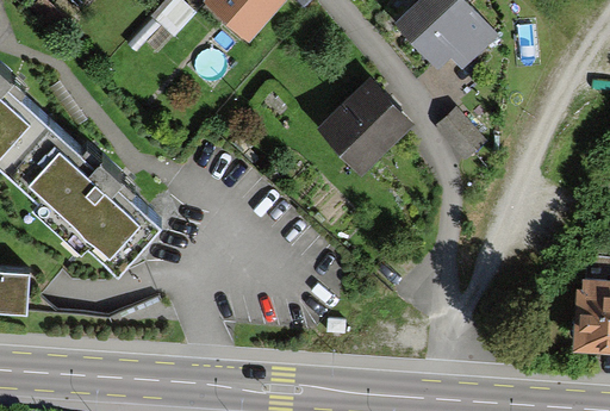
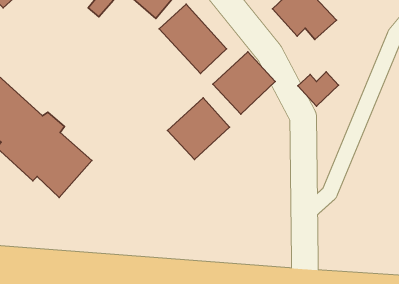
building: none -> [159,4,227,73]
building: none -> [167,98,229,160]

